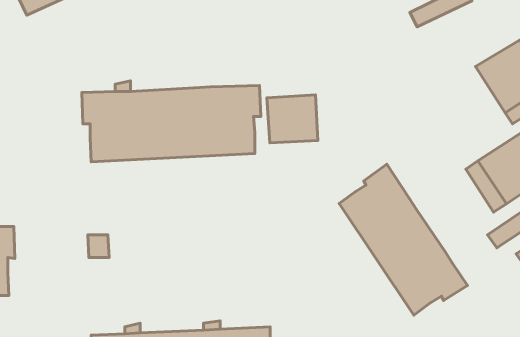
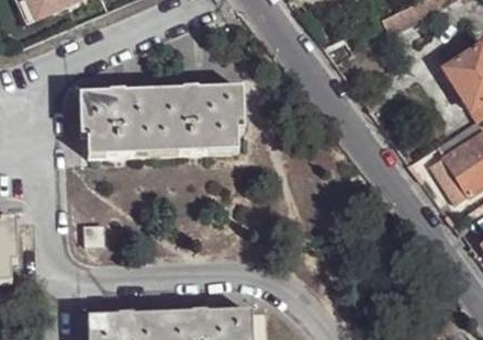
building: [267,95,318,143] -> none
building: [339,164,467,315] -> none

